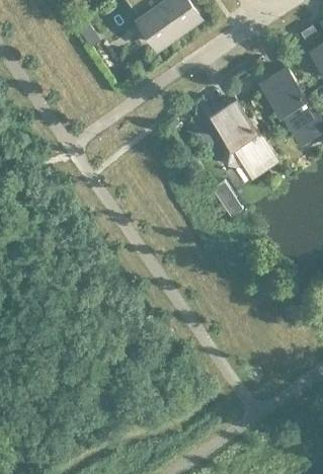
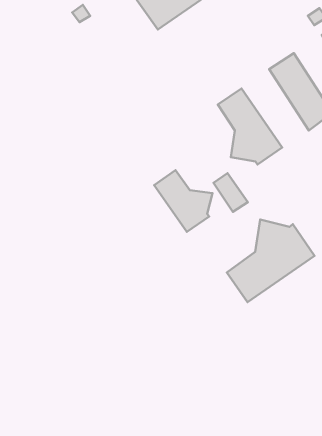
building: none -> [154,170,213,232]
building: none -> [227,220,315,302]

